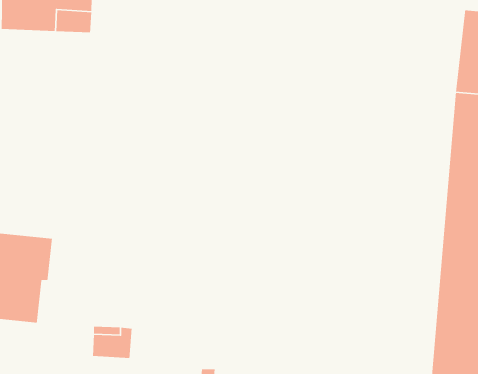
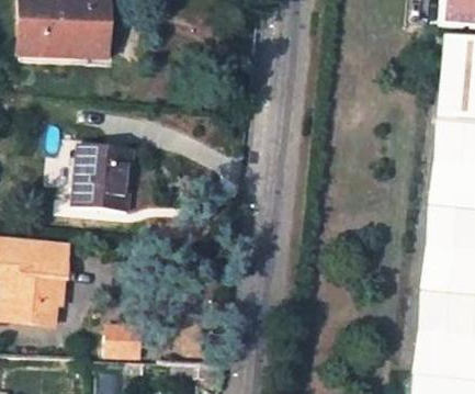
building: none -> [70,144,129,212]

